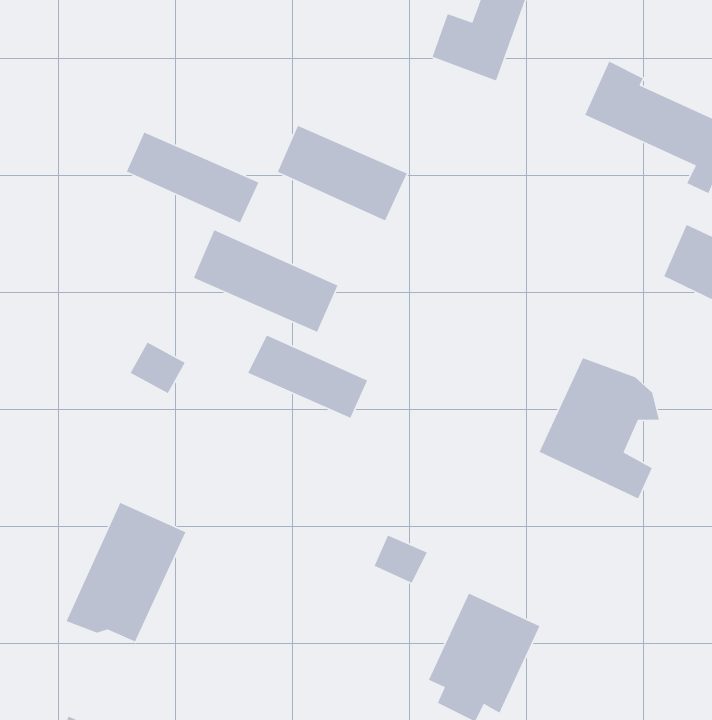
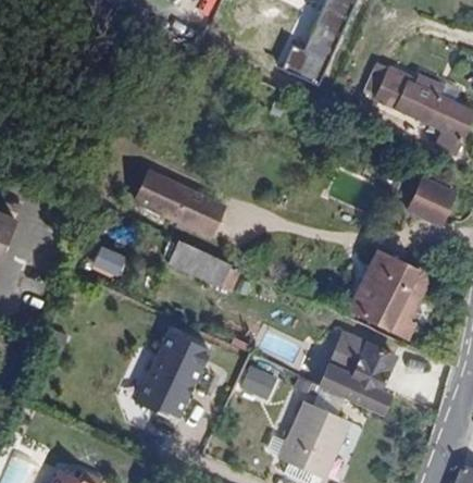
building: [277,125,408,221] -> none
building: [126,131,259,223] -> none
building: none -> [322,324,396,407]
building: [65,502,186,642] -> [139,326,214,413]

